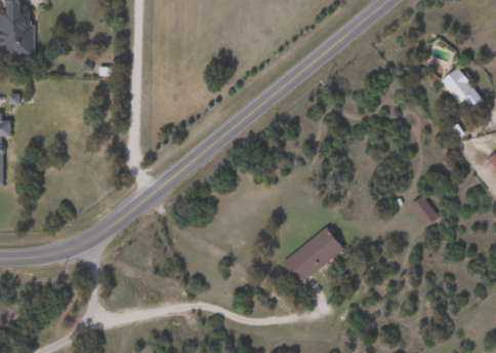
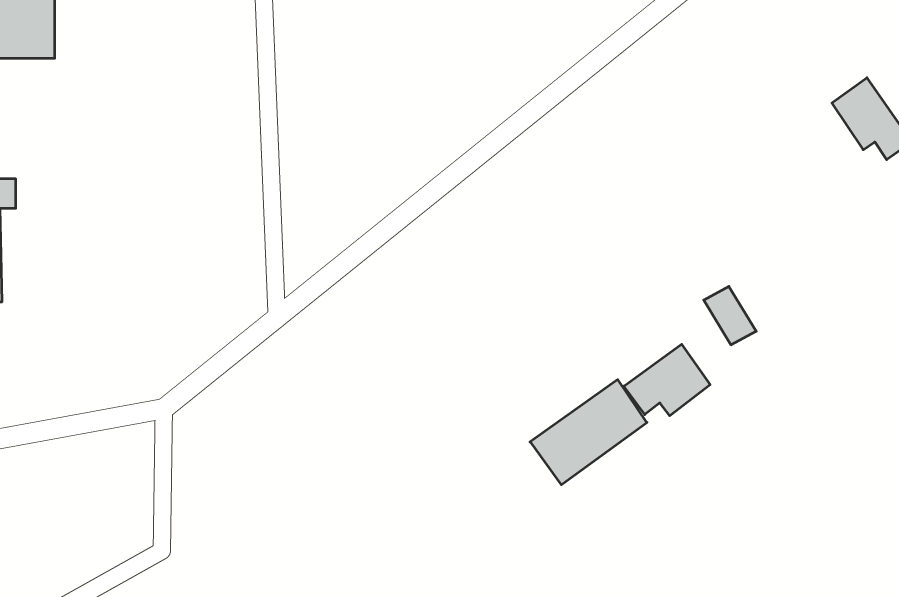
building: [410,196,438,227] -> [704,286,756,345]
building: none -> [624,344,710,416]

